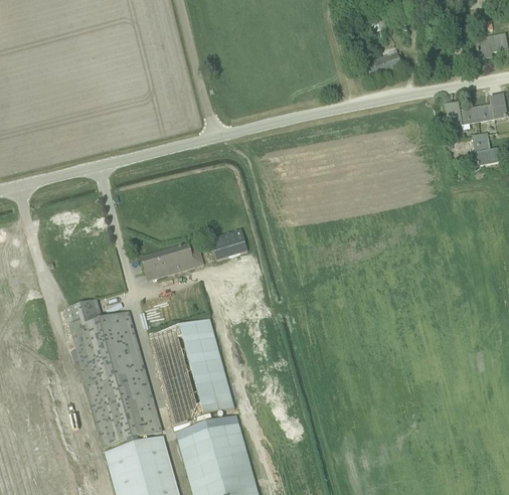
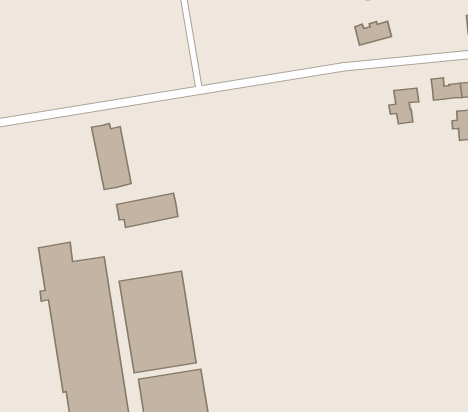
building: none -> [389,88,419,124]
building: none -> [92,123,131,190]
building: [209,229,246,260] -> none

